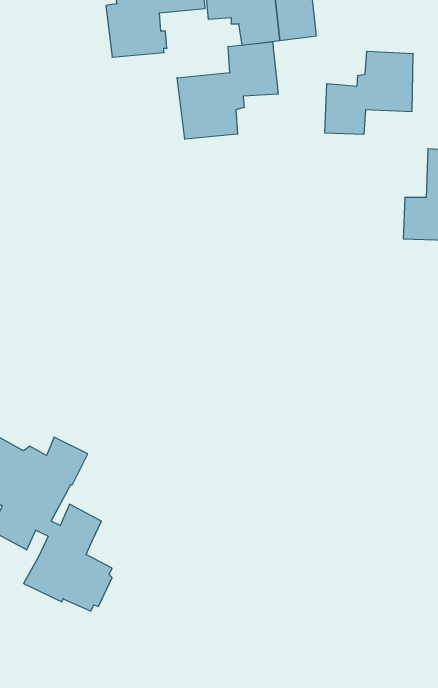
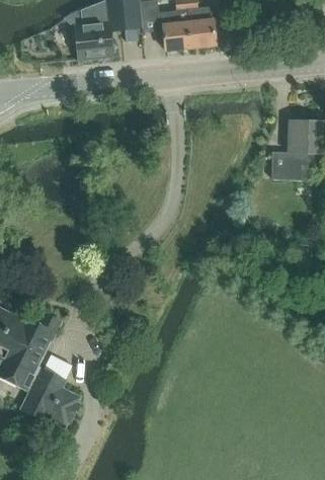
building: [177,42,278,139] -> none
building: [325,51,413,134] -> none

